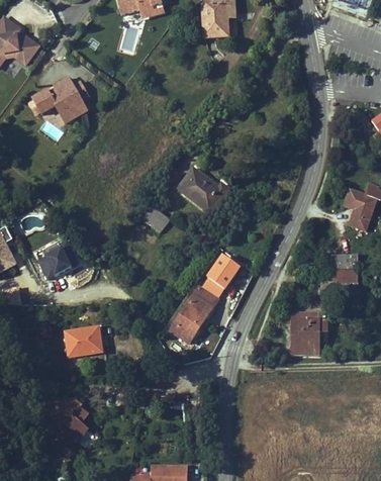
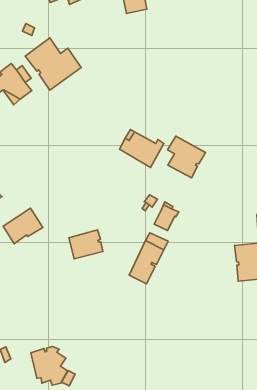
building: none -> [25,38,81,90]
building: none -> [168,136,206,178]
building: [140,207,170,231] -> none
building: [65,326,101,356] -> [69,230,103,259]

